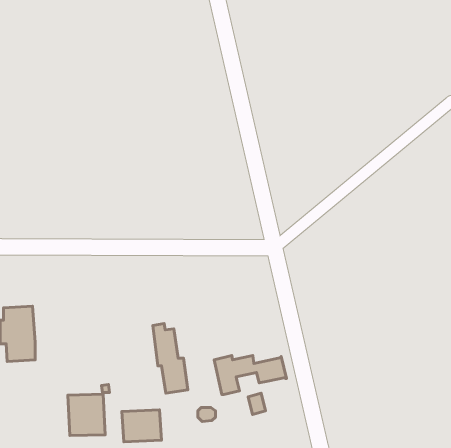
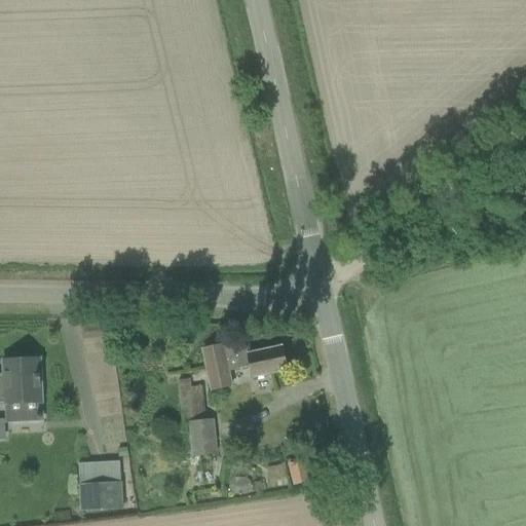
building: [214,356,286,394] -> [202,342,287,387]
building: [122,410,161,442] -> none

